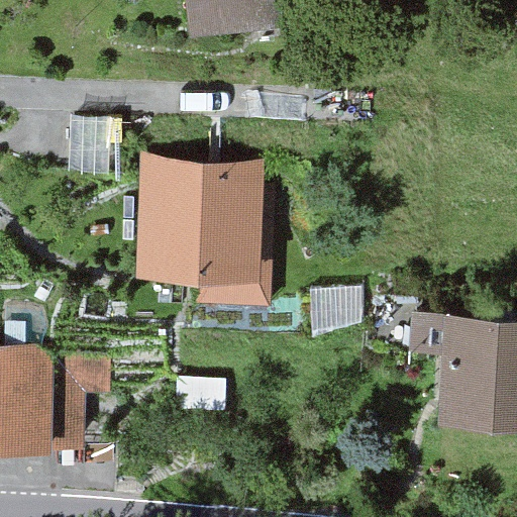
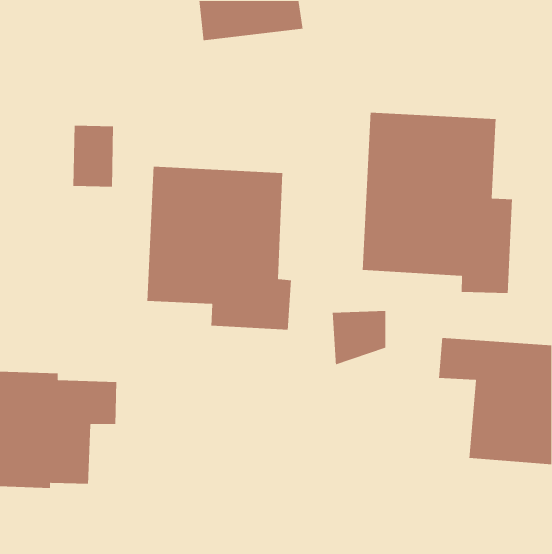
building: none -> [362,112,513,294]

